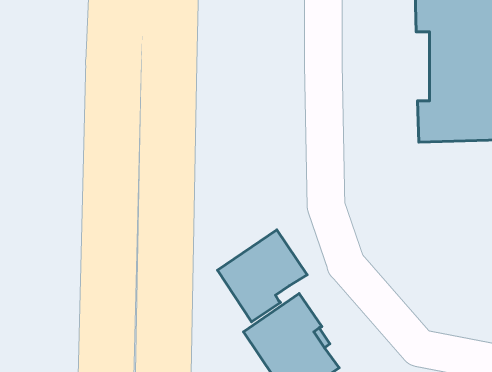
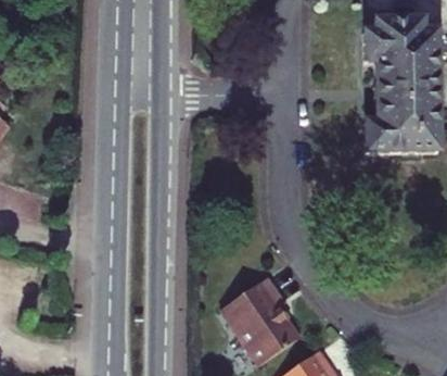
building: [218,230,307,322] -> none

